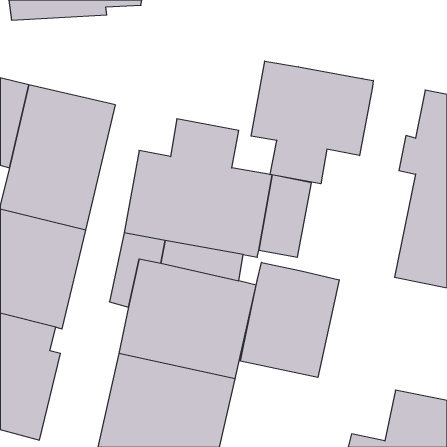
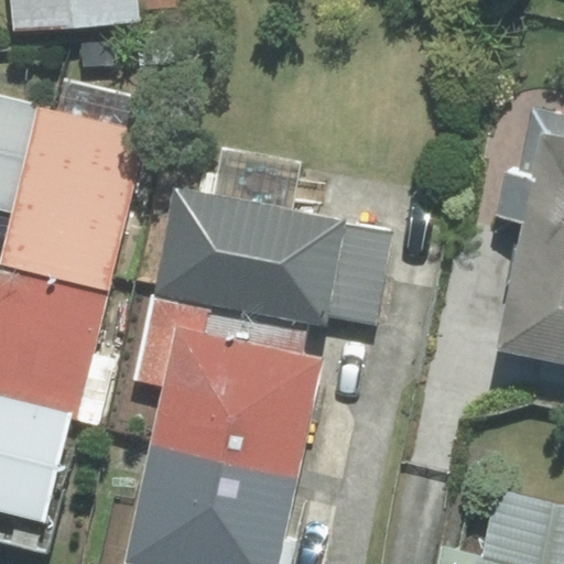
building: [251,61,373,184] -> none
building: [241,262,339,377] -> none

